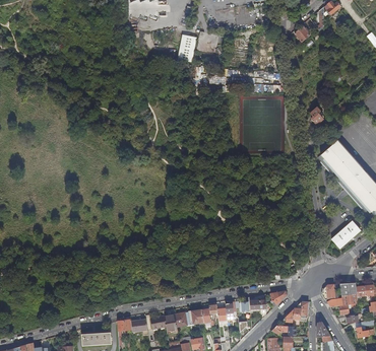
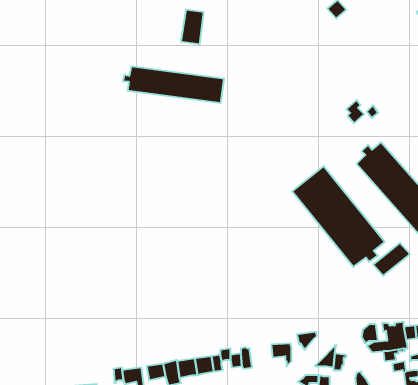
building: none -> [123,66,224,103]
building: none -> [292,166,385,267]

